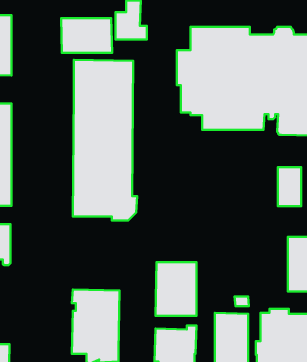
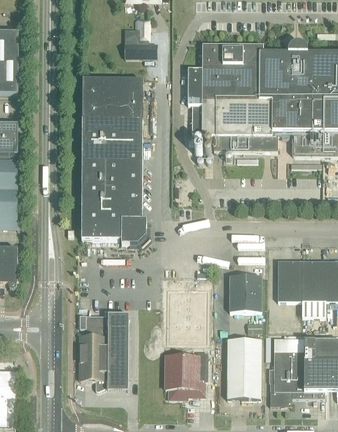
building: [61,18,112,53] -> none
building: [278,167,301,206] -> [278,260,302,300]
building: none -> [229,275,262,311]

